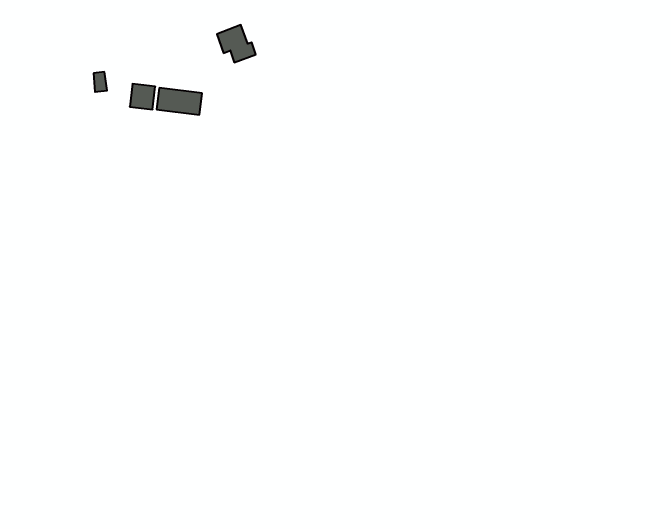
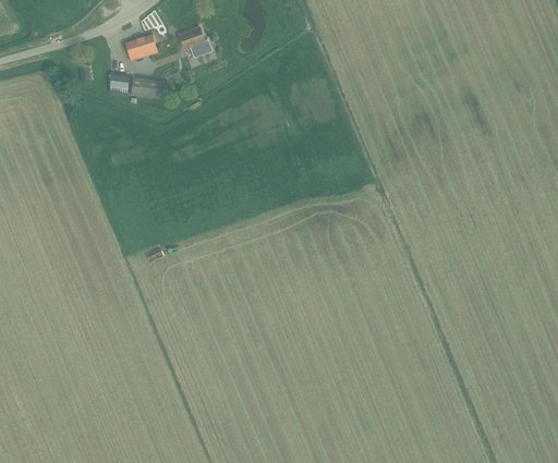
building: none -> [125,33,158,60]

